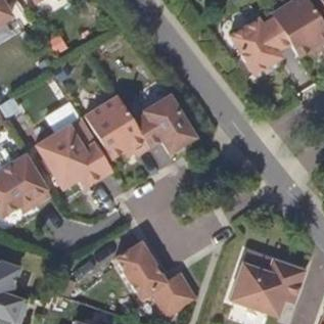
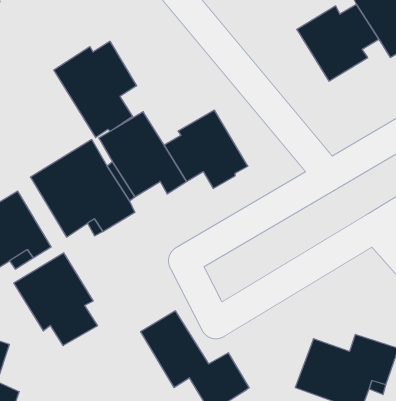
building: none -> [54,41,137,138]
building: none -> [14,253,97,346]

